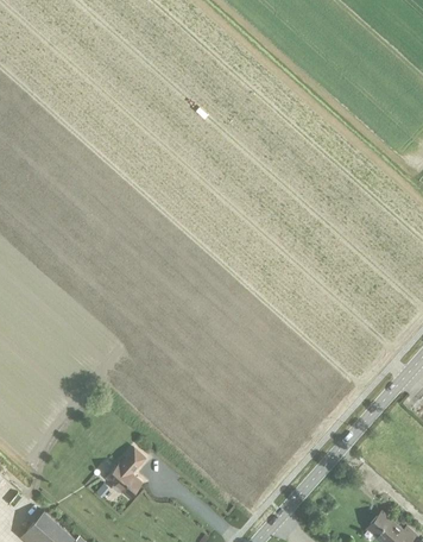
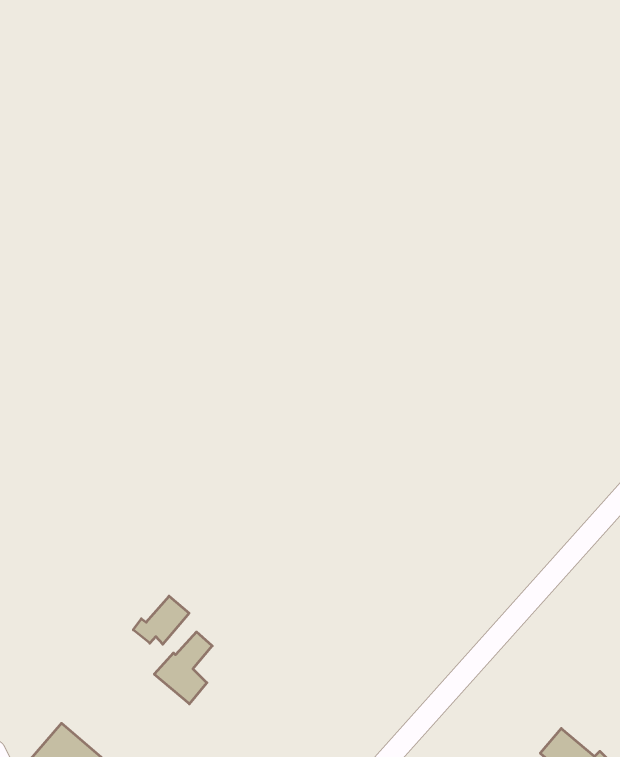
building: none -> [133,596,189,644]

